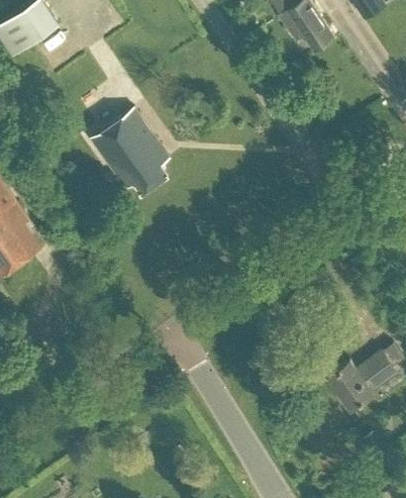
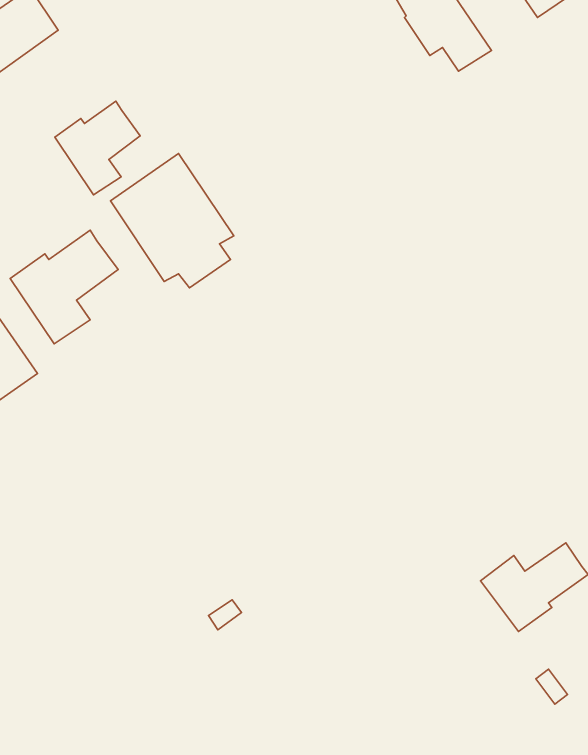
building: none -> [55,101,140,195]
building: none -> [10,230,118,344]

